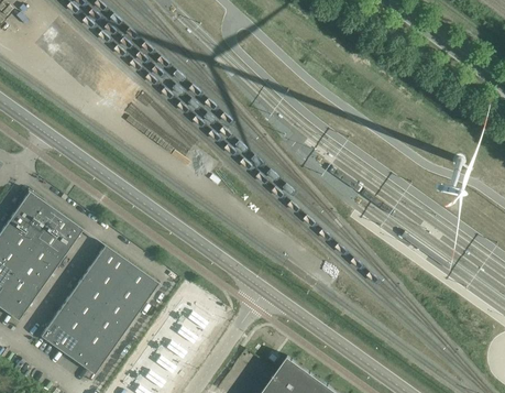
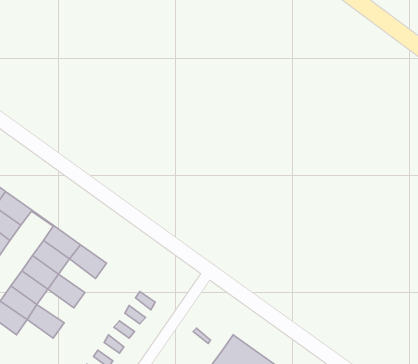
building: [110,279,147,313] -> none
building: [88,309,125,343] -> none
building: [67,340,105,374] -> none

